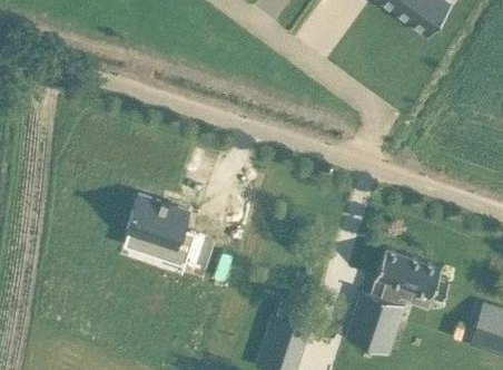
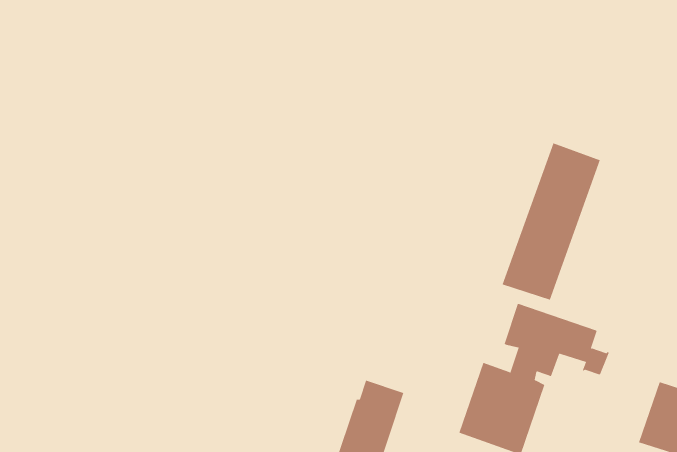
building: none -> [502,142,601,301]
building: [124,194,218,279] -> none

